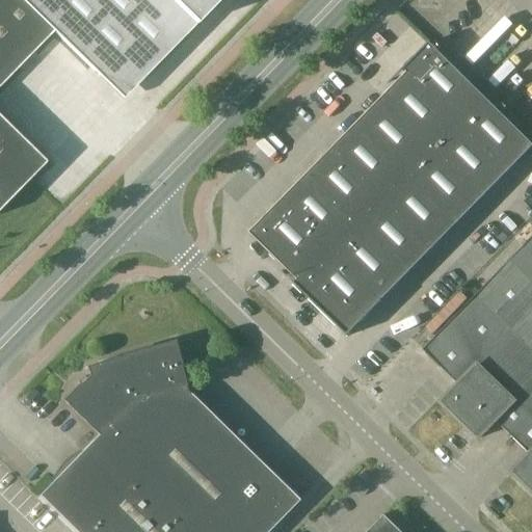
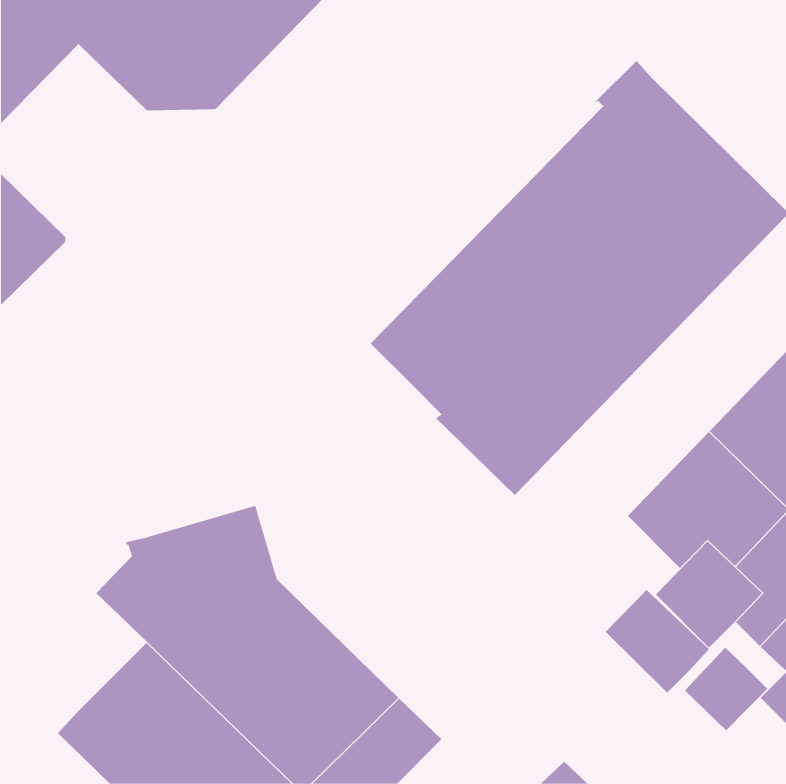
building: none -> [605,589,710,693]
building: none -> [684,647,768,731]

